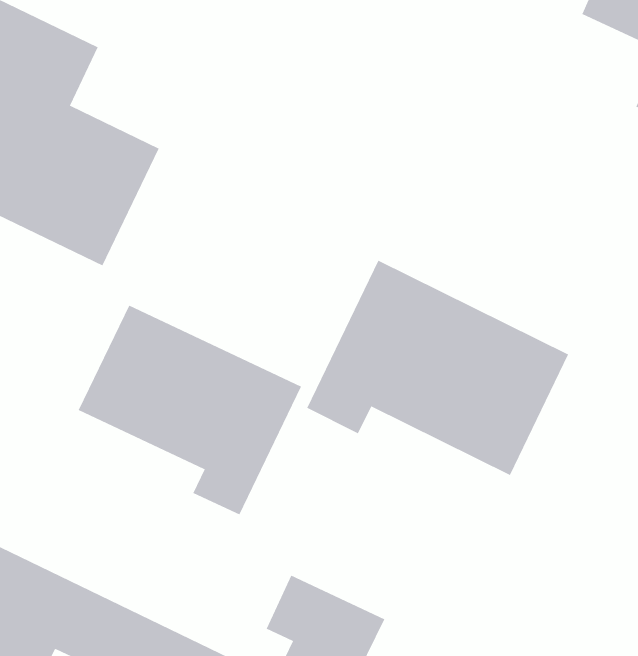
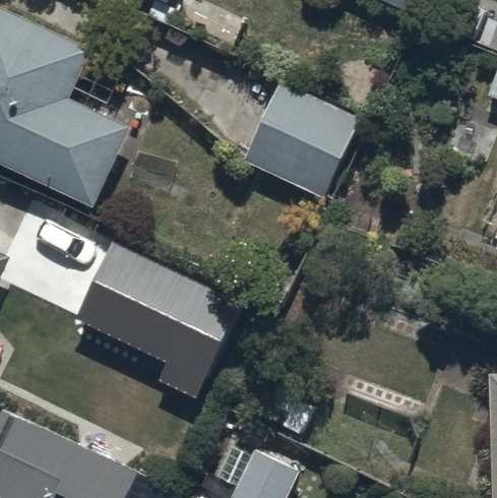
building: none -> [245,80,362,198]
building: [307,260,569,476] -> none

